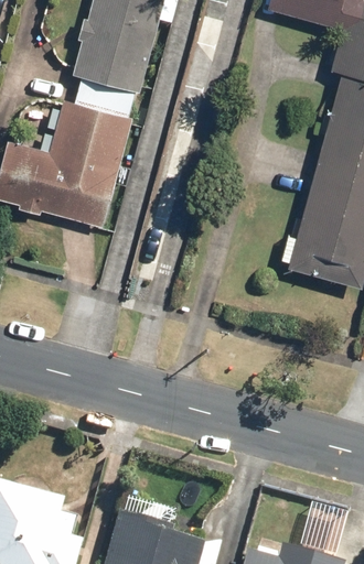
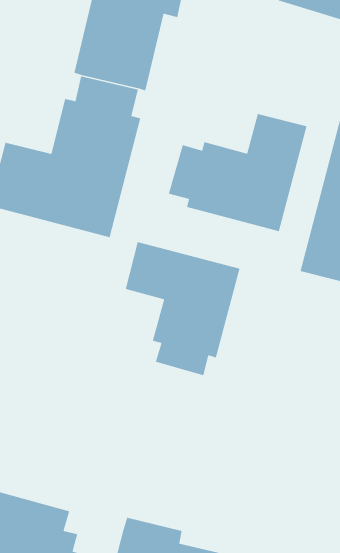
building: none -> [168,113,307,232]
building: none -> [125,241,241,376]

